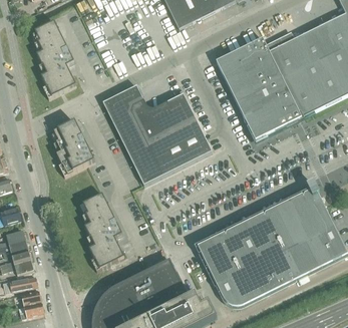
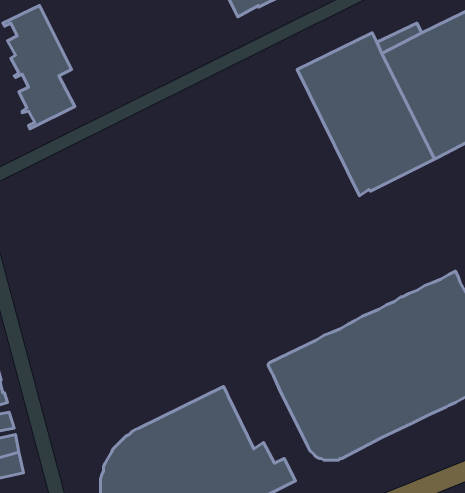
building: [102,84,212,184] -> none
building: [50,120,94,176] -> none
building: [79,193,123,270] -> none

